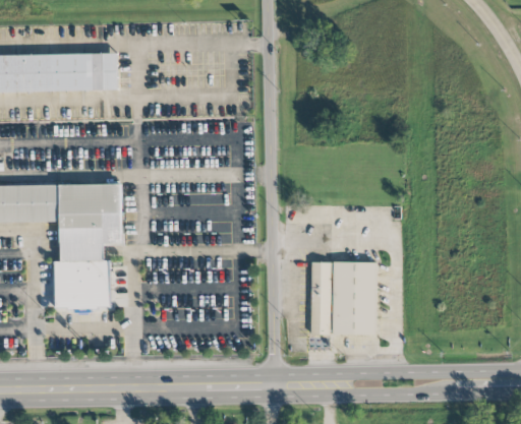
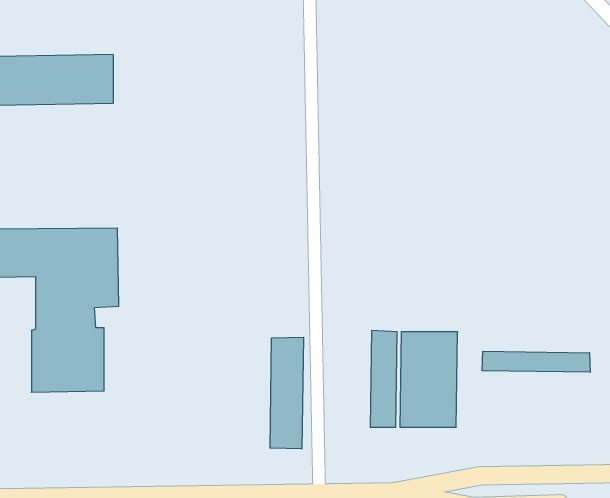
building: none -> [270,337,303,449]
building: none -> [482,351,590,372]

